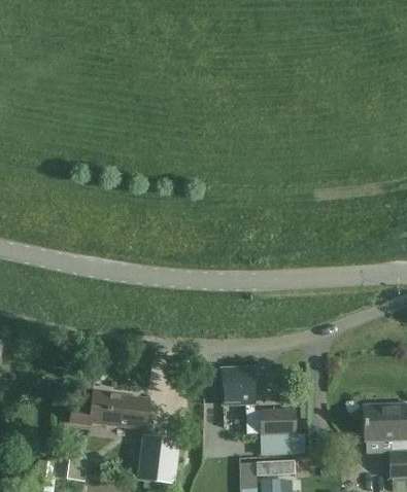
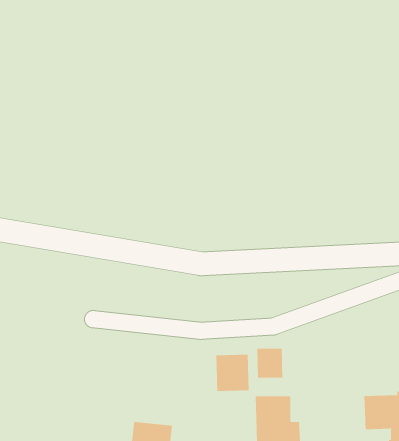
building: none -> [257,348,283,379]
building: [68,390,147,428] -> none

